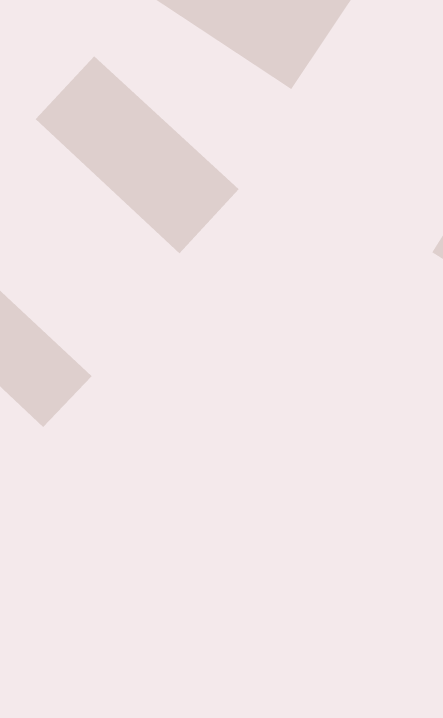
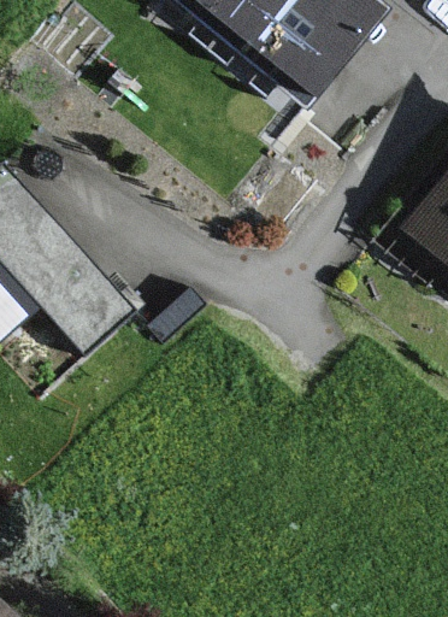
building: [35,56,240,254] -> none

